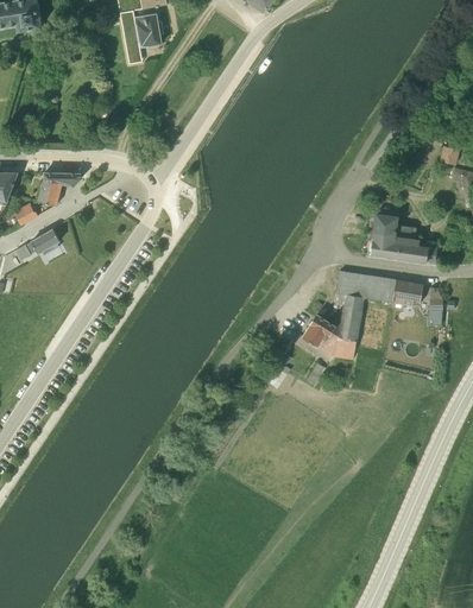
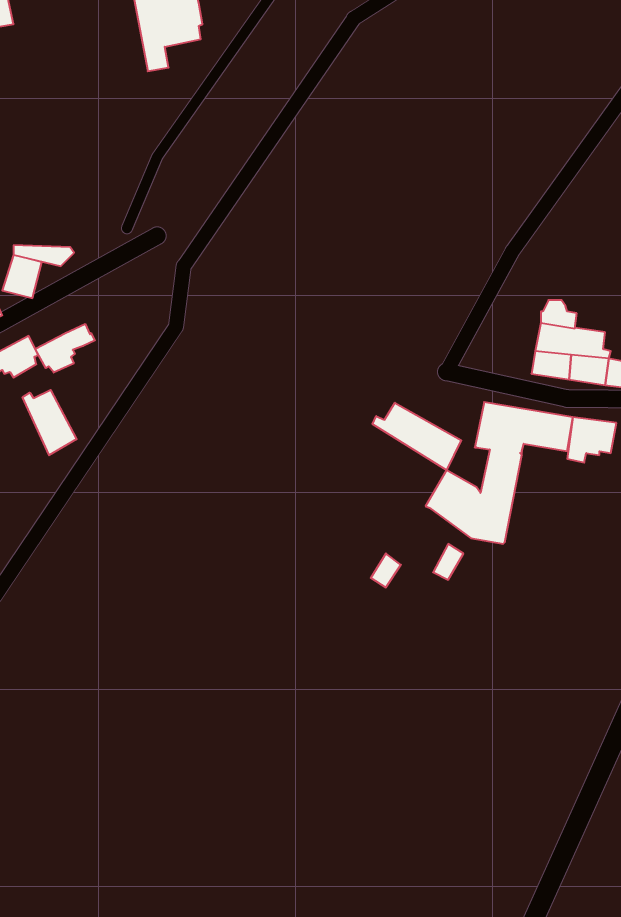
building: none -> [35,324,95,373]
building: none -> [23,390,77,455]
building: none -> [373,403,461,470]

